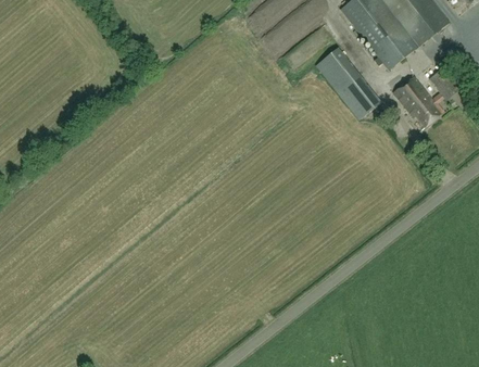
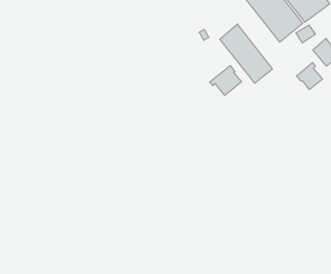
building: [393,76,428,111] -> none
building: none -> [210,66,242,96]

